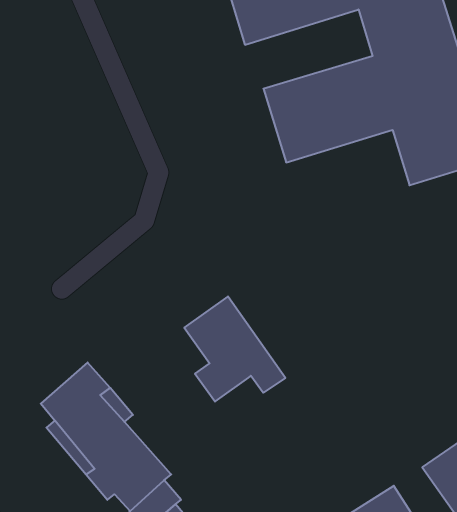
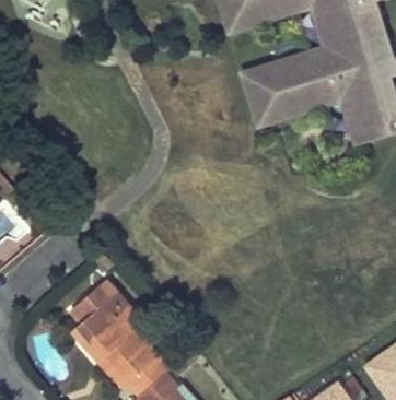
building: [184,296,285,402] -> none

